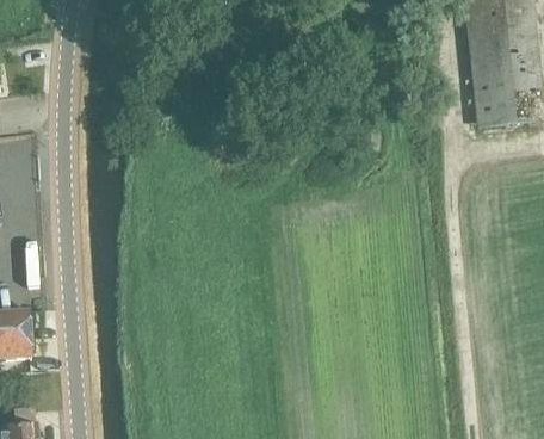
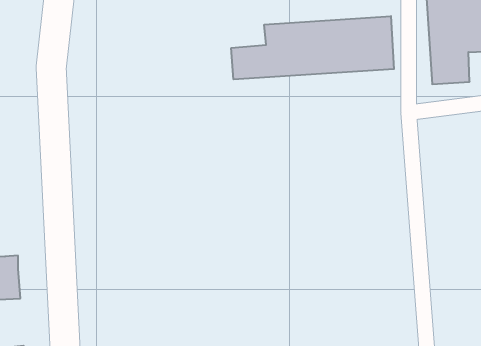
building: none -> [231,16,394,79]

